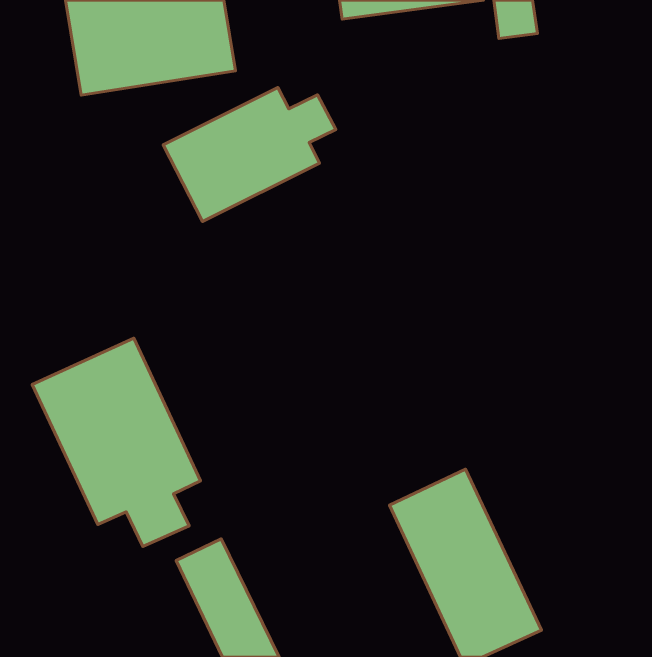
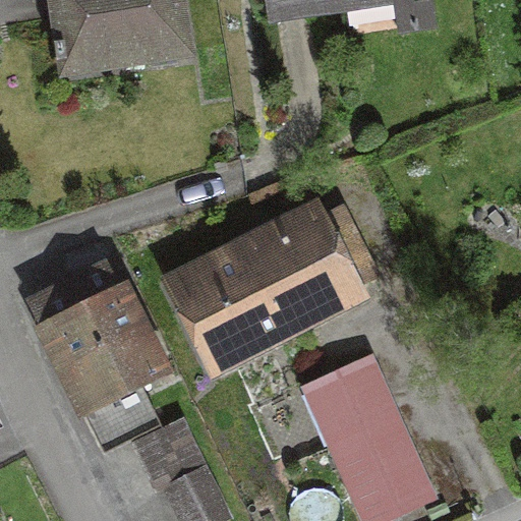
building: [163,88,336,222] -> none
building: none -> [171,211,374,365]

